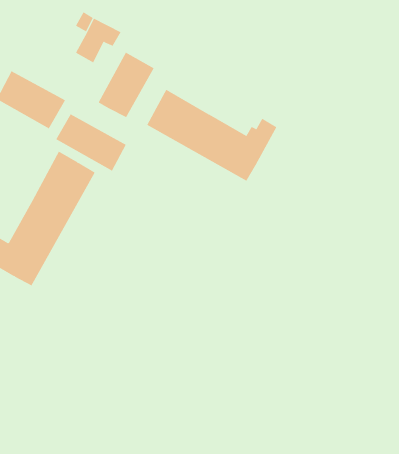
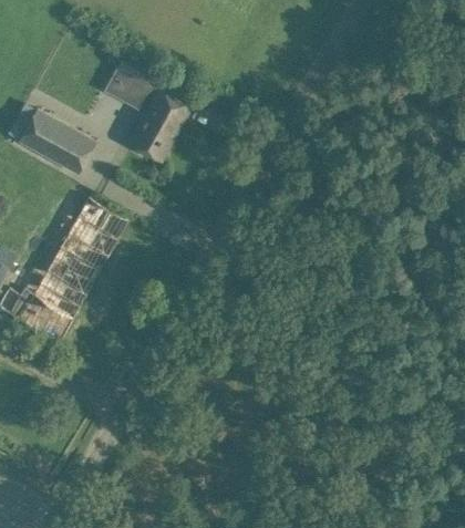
building: [146,89,277,182] -> none
building: [56,113,127,171] -> none

